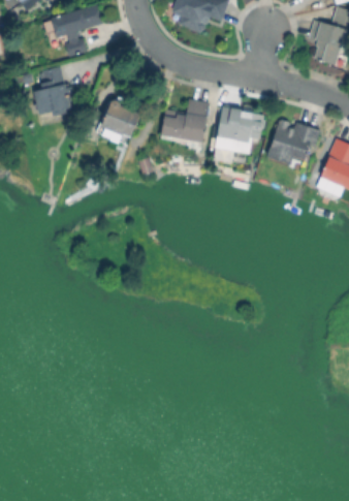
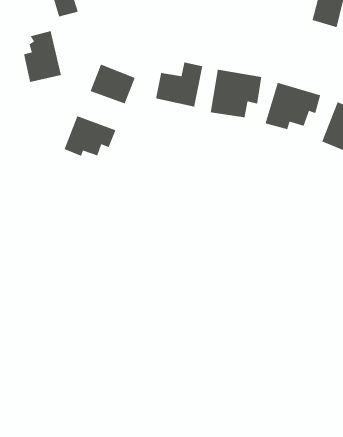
building: none -> [64,115,116,157]

